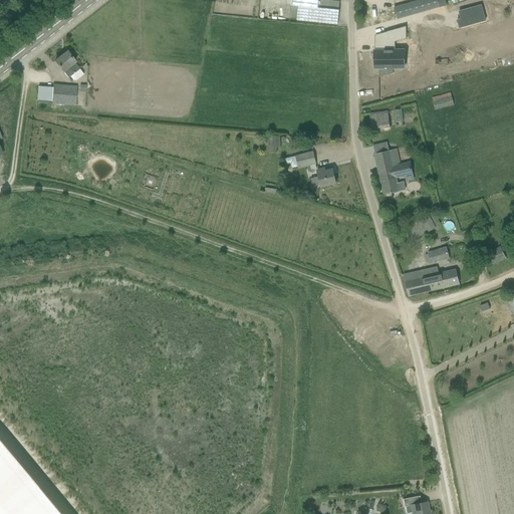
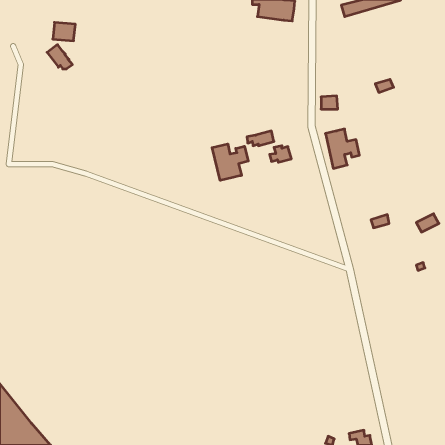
building: [453,6,482,28] -> none
building: [374,26,406,67] -> none
building: [50,83,76,104] -> [53,22,75,41]
building: none -> [212,144,248,180]
building: [403,266,458,295] -> none

